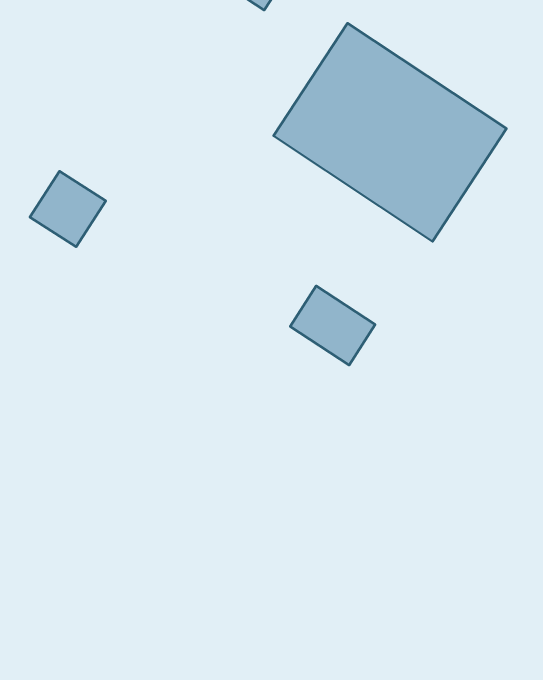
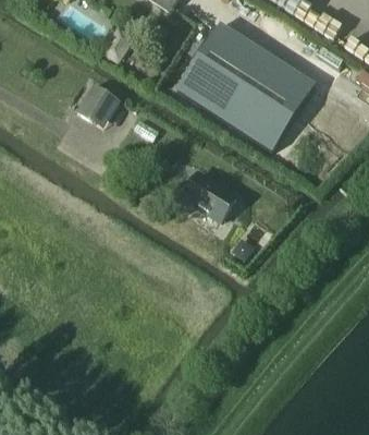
building: [30,171,106,247] -> [76,83,121,128]

